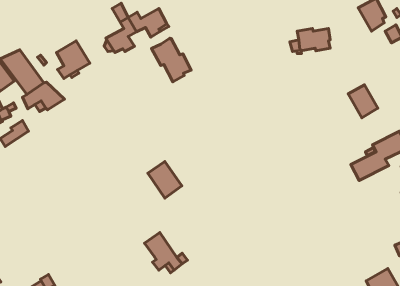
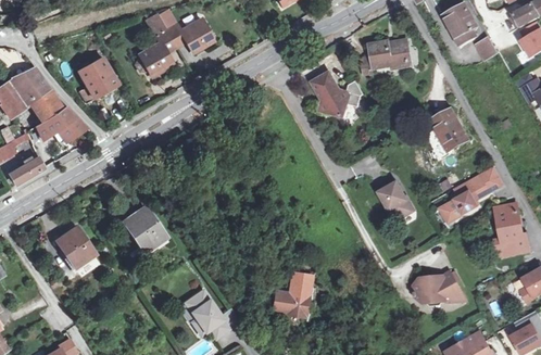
building: [152,38,191,82] -> none
building: none -> [311,71,362,116]
building: none -> [378,179,413,219]
building: [148,162,182,198] -> [124,207,165,252]
building: none -> [55,227,95,267]
building: none -> [412,268,466,300]
building: none -> [273,272,311,314]

